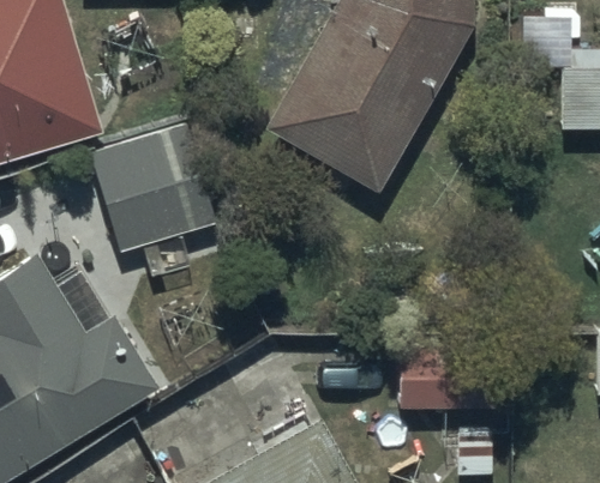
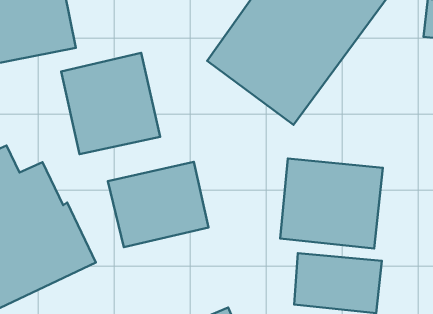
building: none -> [280,159,383,249]
building: none -> [108,162,208,247]

